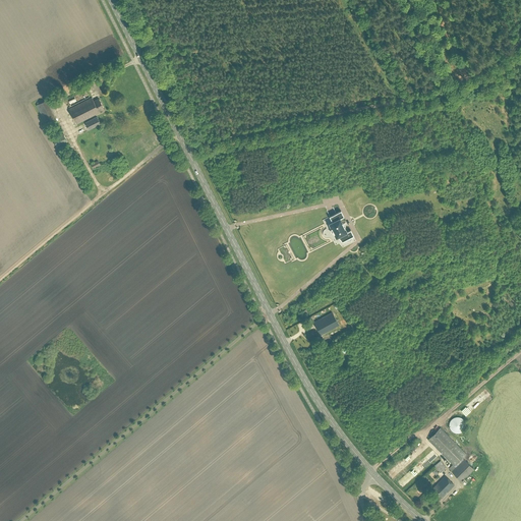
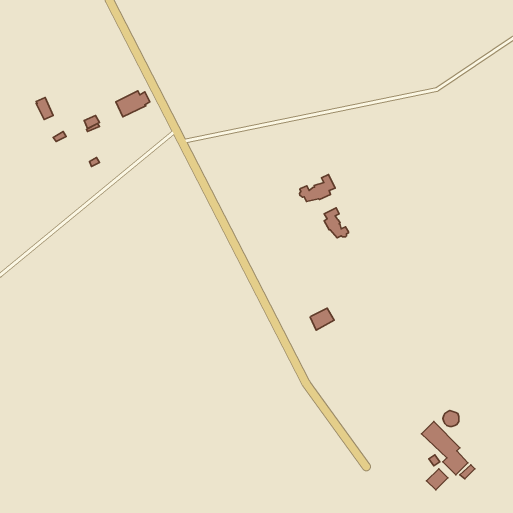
building: [69,98,104,124] -> [116,91,150,117]
building: none -> [300,174,335,201]

